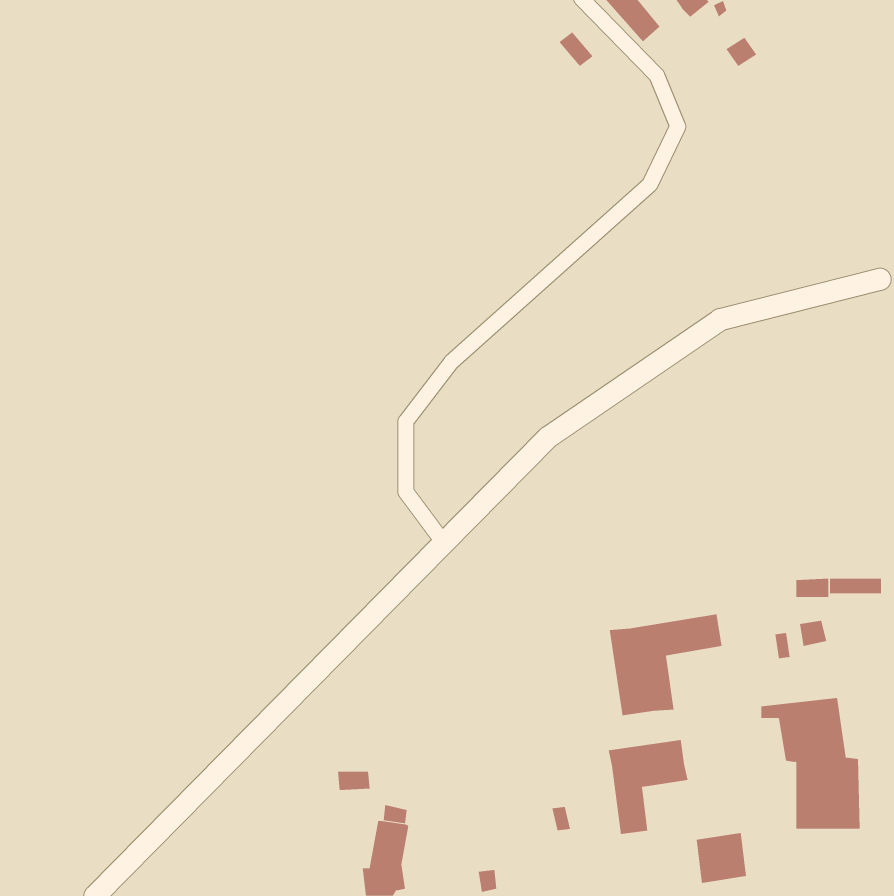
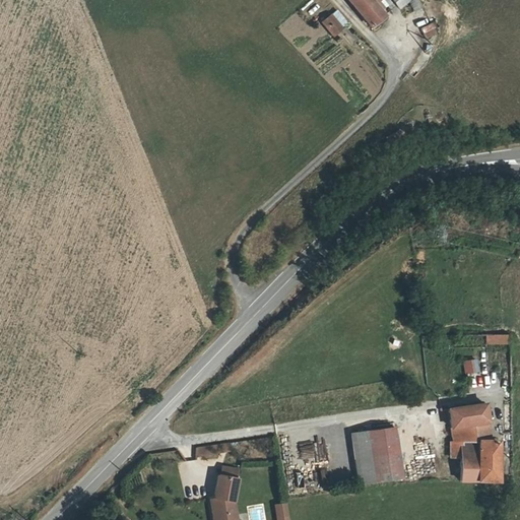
building: [609,614,722,716] -> none
building: [696,832,747,883] -> [374,451,403,480]

